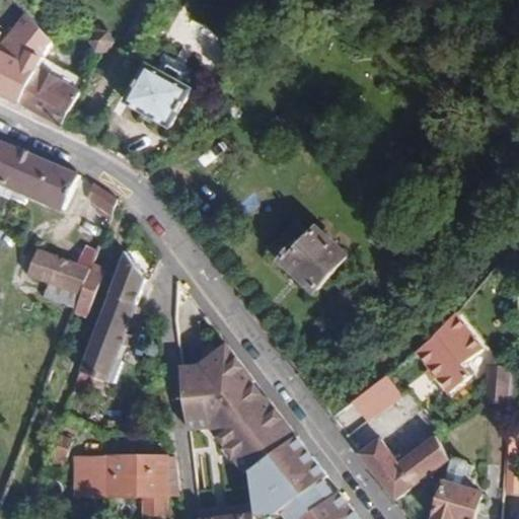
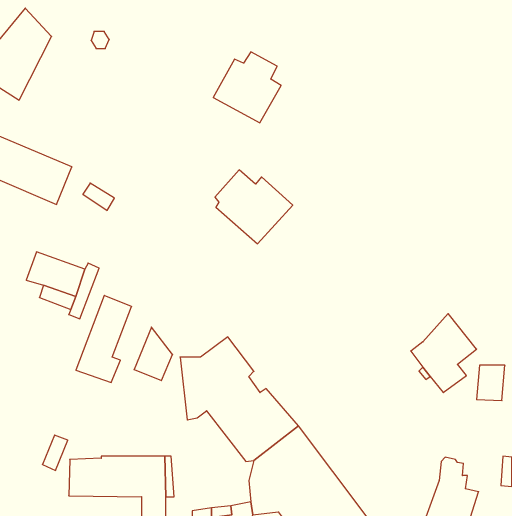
building: [122,59,190,130] -> [213,52,281,123]
building: [20,65,81,124] -> none
building: [273,216,351,290] -> [215,170,293,244]
building: [104,254,143,308] -> [134,327,173,381]
building: [348,378,397,425] -> none
building: [354,437,443,503] -> none

